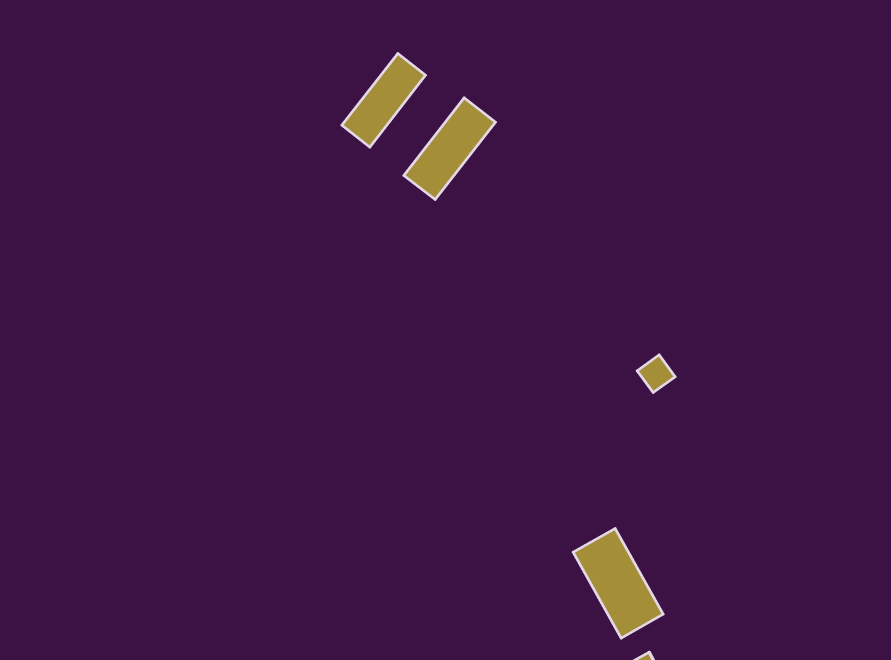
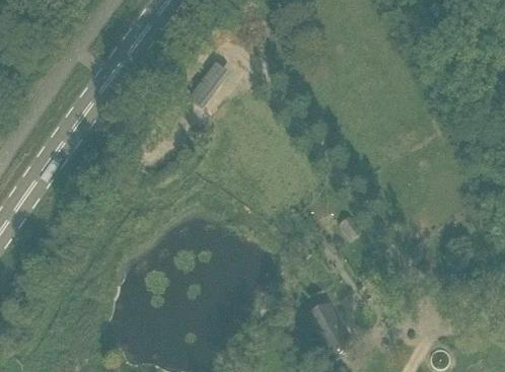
building: [404,98,495,200] -> none

